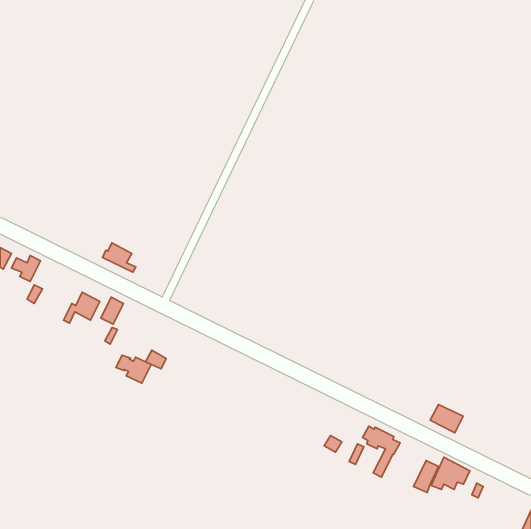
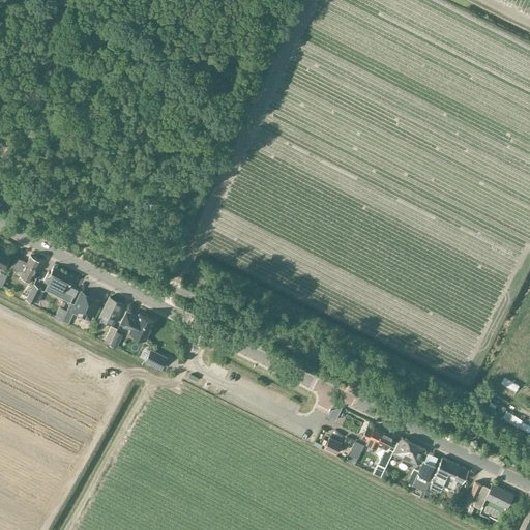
building: [103,243,136,272] -> [45,268,78,297]
building: [116,355,151,383] -> [119,313,154,341]
building: [430,405,463,433] -> [392,439,425,467]
building: none -> [473,485,513,510]

